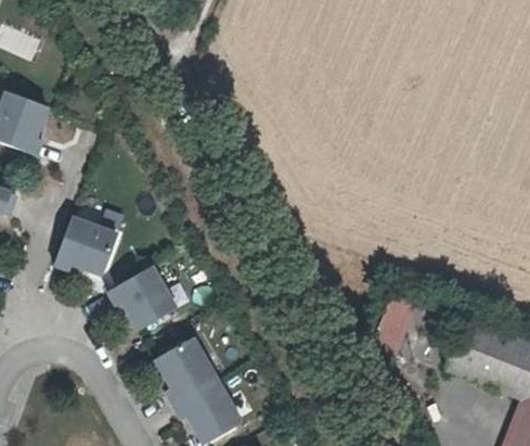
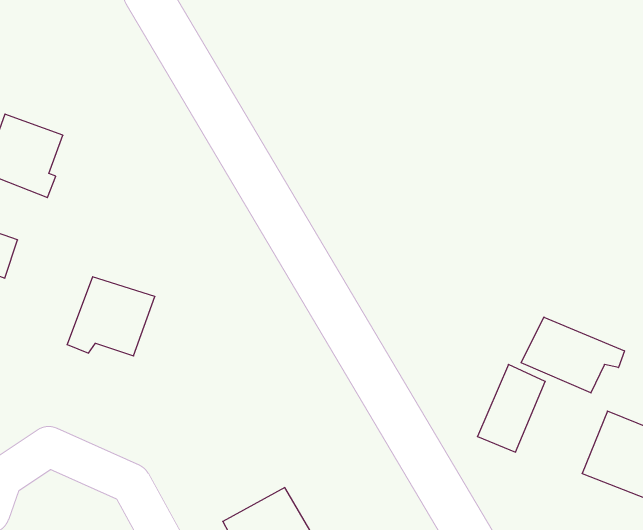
building: none -> [521,317,624,393]
building: [109,266,178,331] -> none
building: [153,336,220,404] -> none

